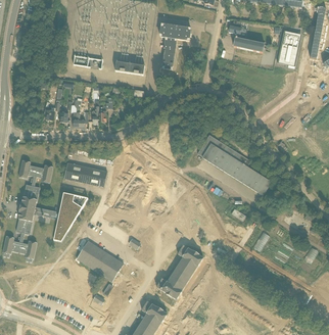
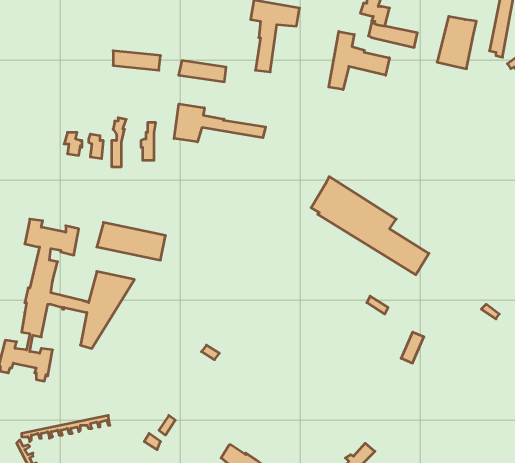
building: none -> [329,31,389,90]
building: none -> [174,104,266,142]
building: [77,239,123,280] -> none
building: [155,244,202,298] -> none

